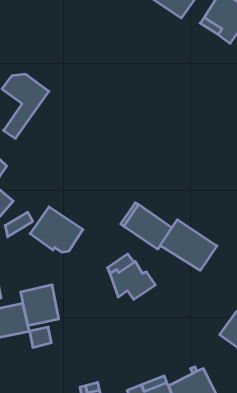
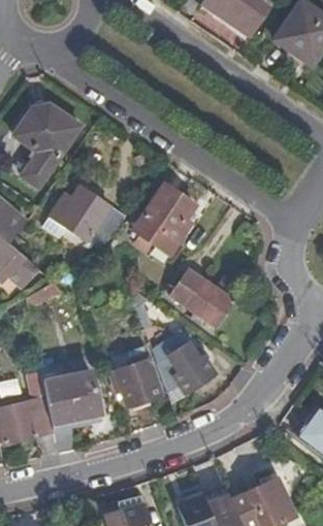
building: none -> [132,185,195,255]
building: [30,207,83,252] -> [56,187,123,244]
building: [160,220,217,270] -> none
building: none -> [110,356,162,405]

